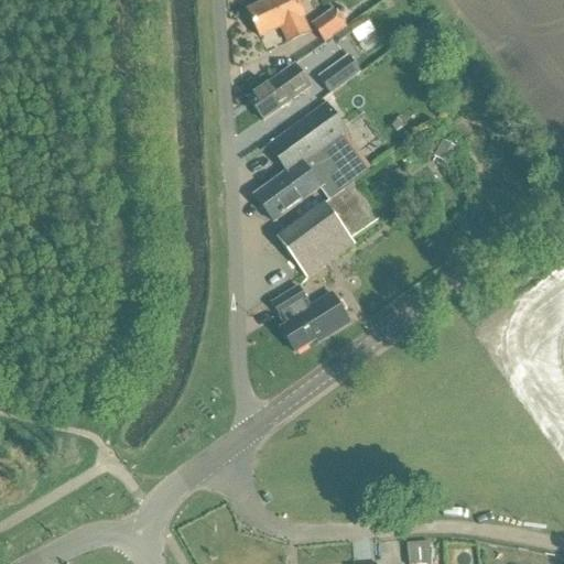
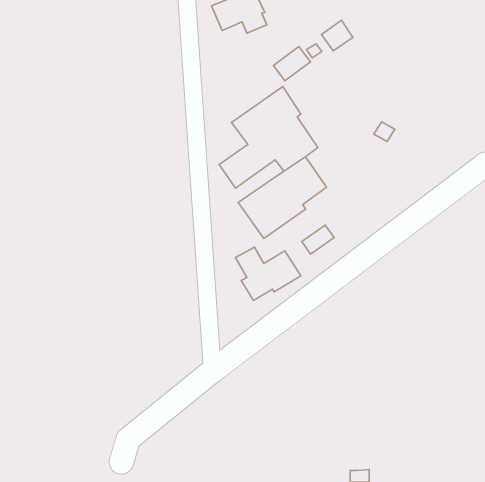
building: [311,7,347,42] -> [322,20,353,51]
building: [248,61,311,116] -> none
building: none -> [302,225,334,254]

